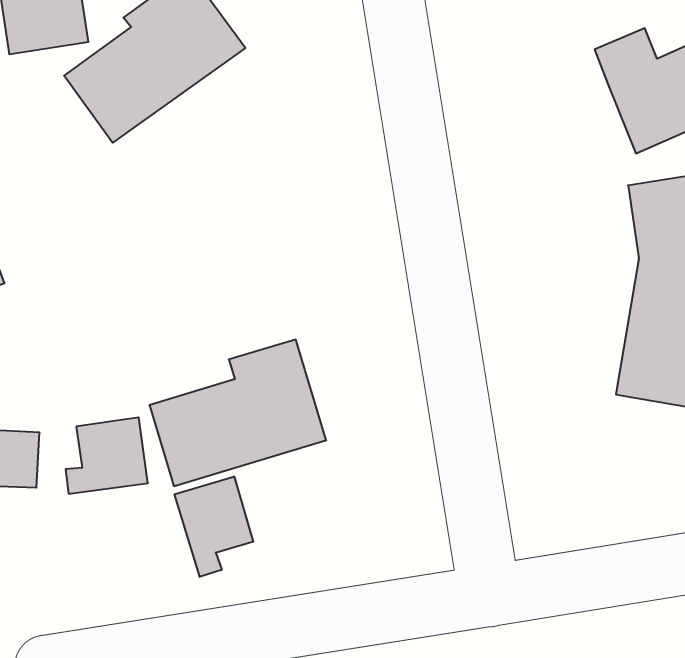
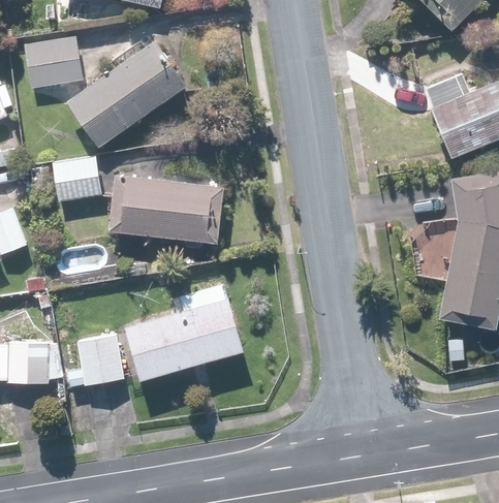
building: none -> [51,155,102,200]
building: none -> [119,176,226,243]
building: [175,476,253,577] -> none

